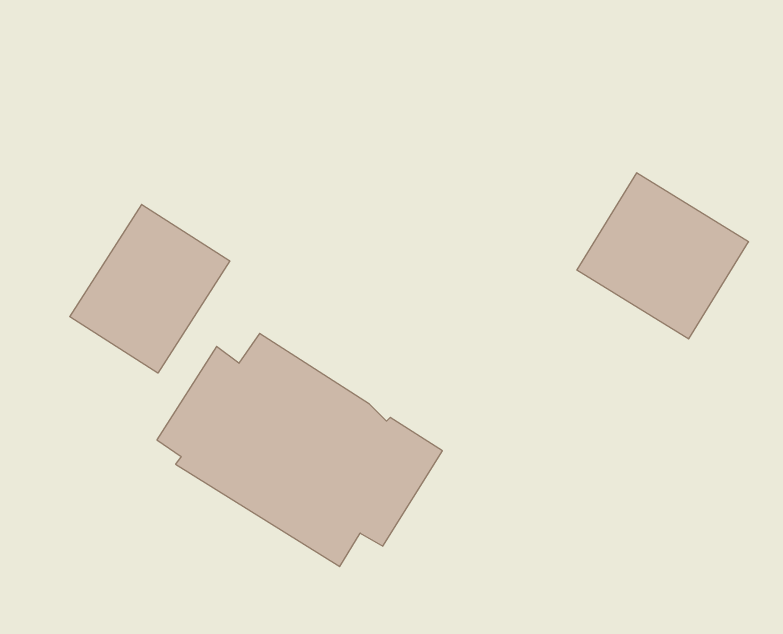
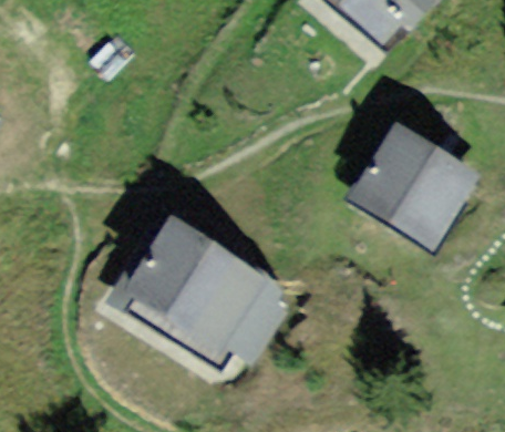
building: [70,204,230,373] -> none

